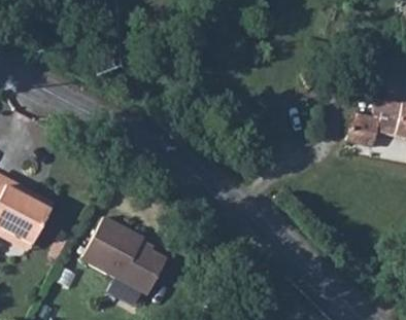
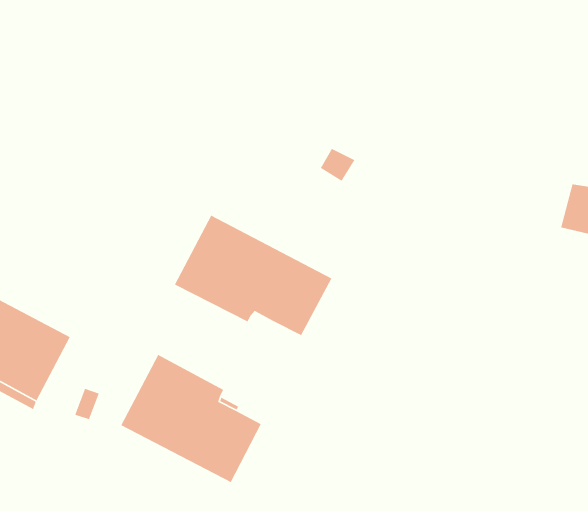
building: none -> [174,214,333,336]

